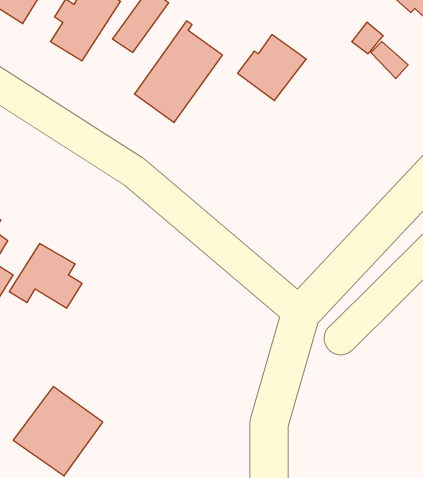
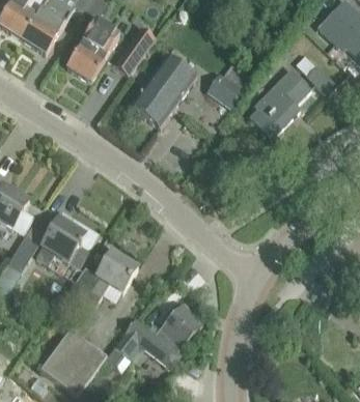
building: none -> [249,68,310,137]
building: none -> [72,251,138,303]
building: none -> [107,304,203,367]

